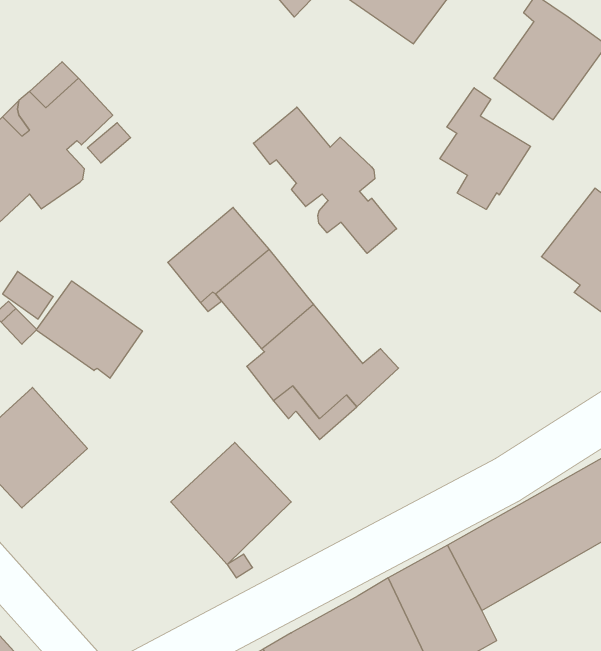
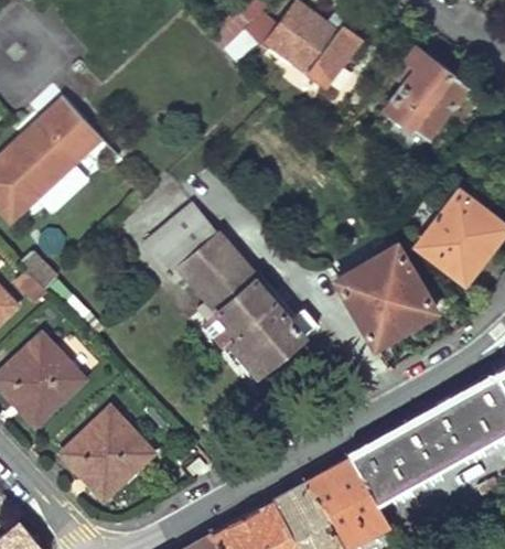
building: [440,88,531,209] -> none
building: [253,107,397,253] -> none
building: none -> [340,249,436,345]
building: [36,281,142,378] -> none
building: [171,442,291,564] -> [64,412,153,503]

